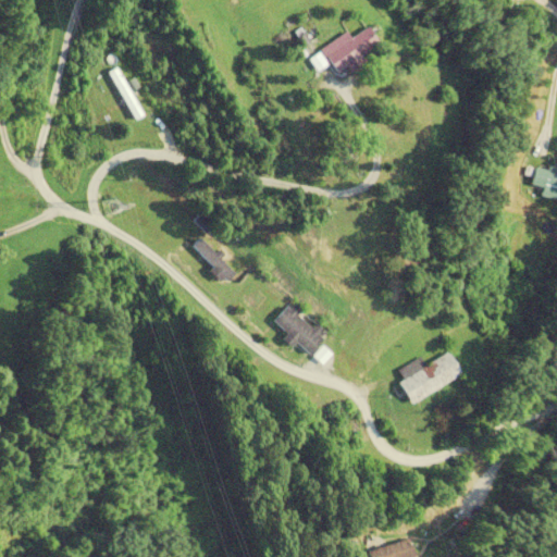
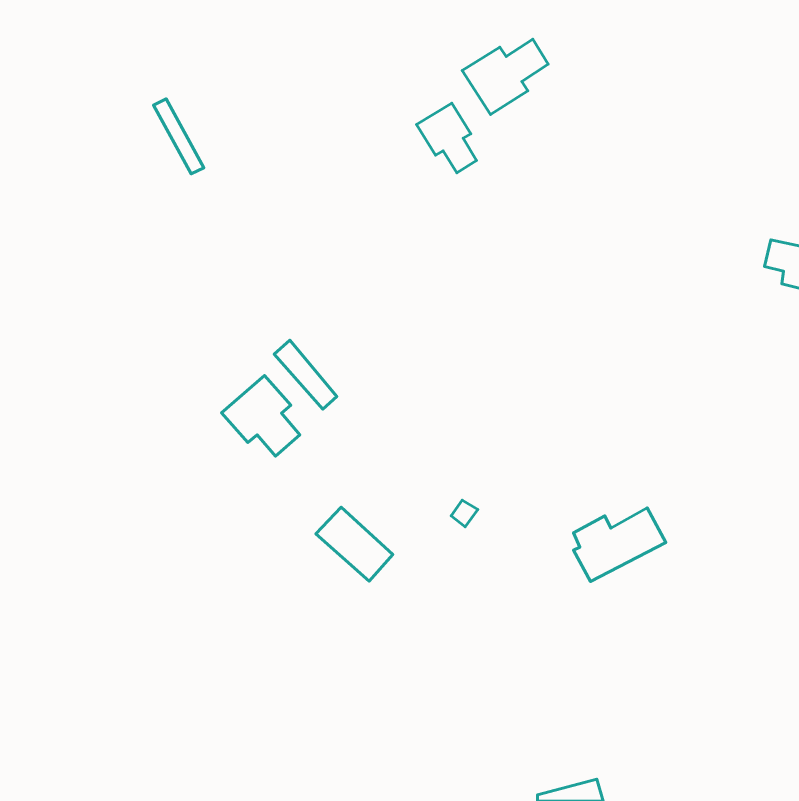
building: none -> [416,103,477,173]
building: none -> [221,376,300,456]
building: [273,304,326,355] -> [316,507,393,581]

